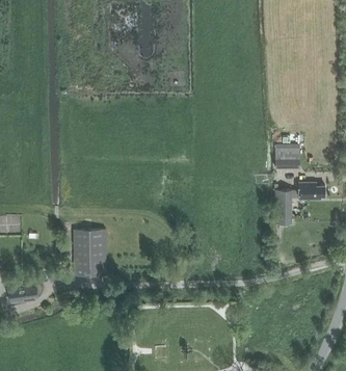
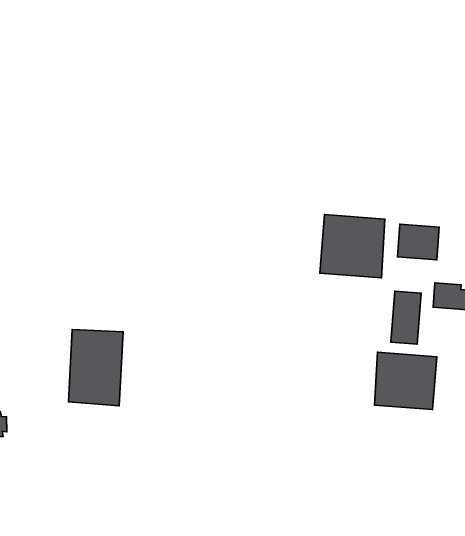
building: none -> [320,215,385,278]
building: none -> [374,352,437,410]

